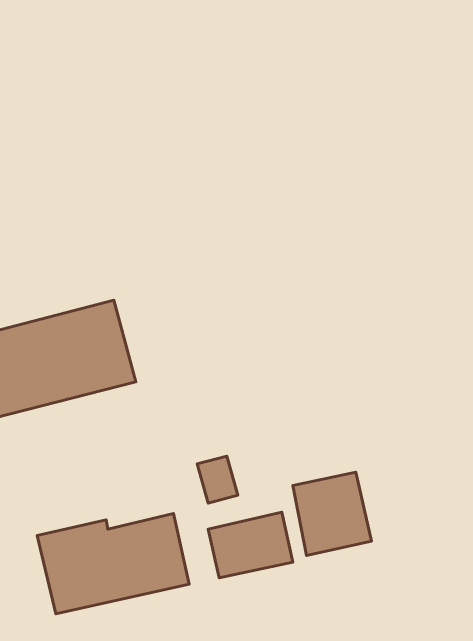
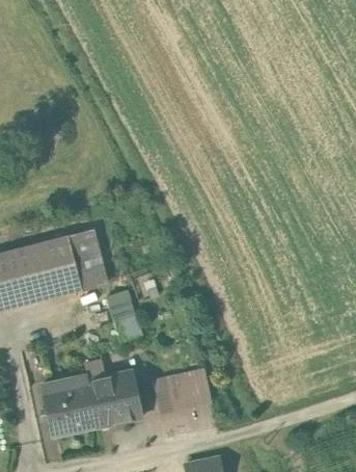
building: [197,456,238,503] -> [107,292,134,323]
building: [293,472,372,555] -> none

